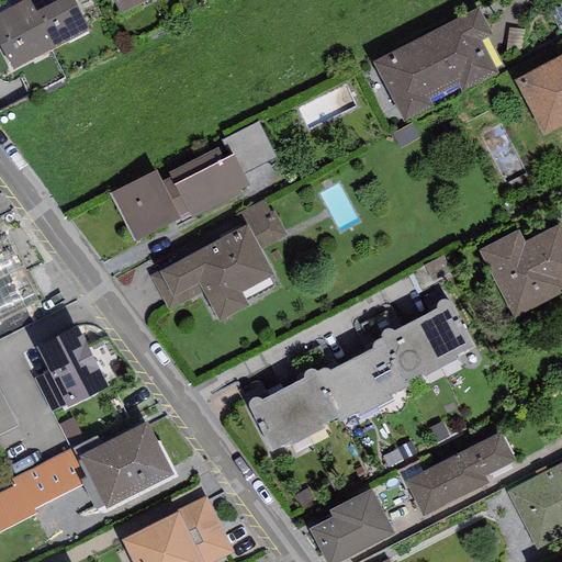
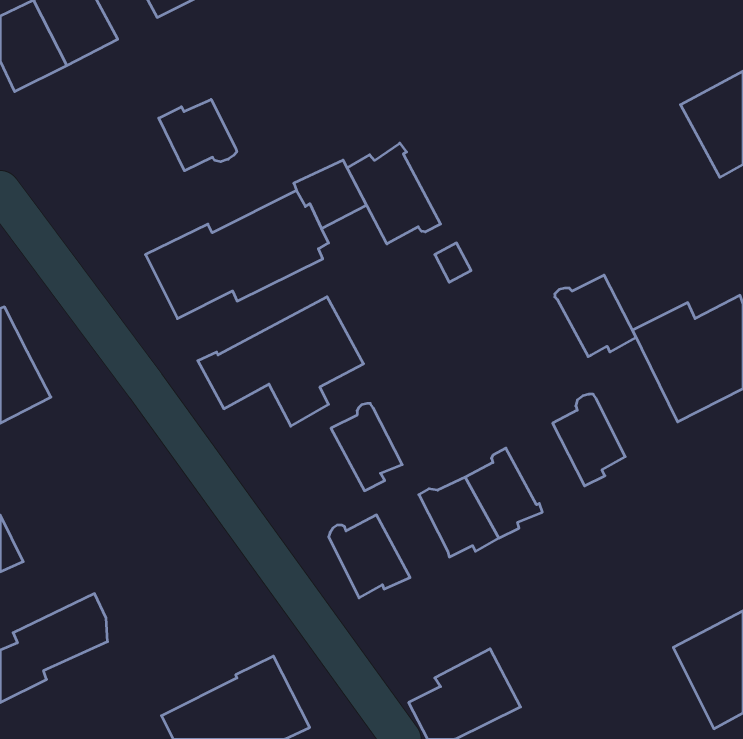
building: [373,9,502,121] -> none
building: none -> [159,99,237,171]
building: none -> [347,143,441,244]
building: [380,319,441,381] -> [555,275,636,357]
building: [35,326,109,412] -> none
building: [284,370,338,436] -> [331,403,402,491]
building: [74,422,173,509] -> none
building: [406,432,516,515] -> none

